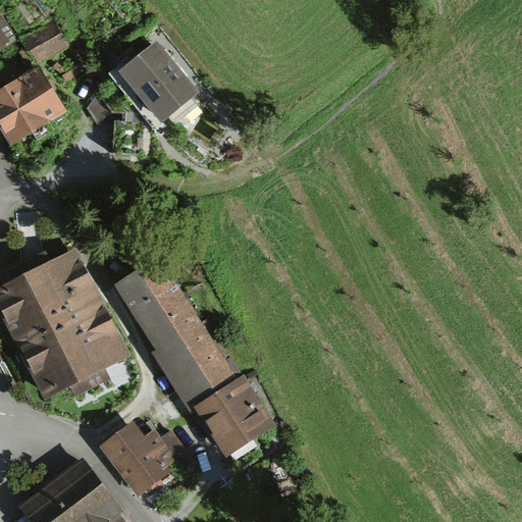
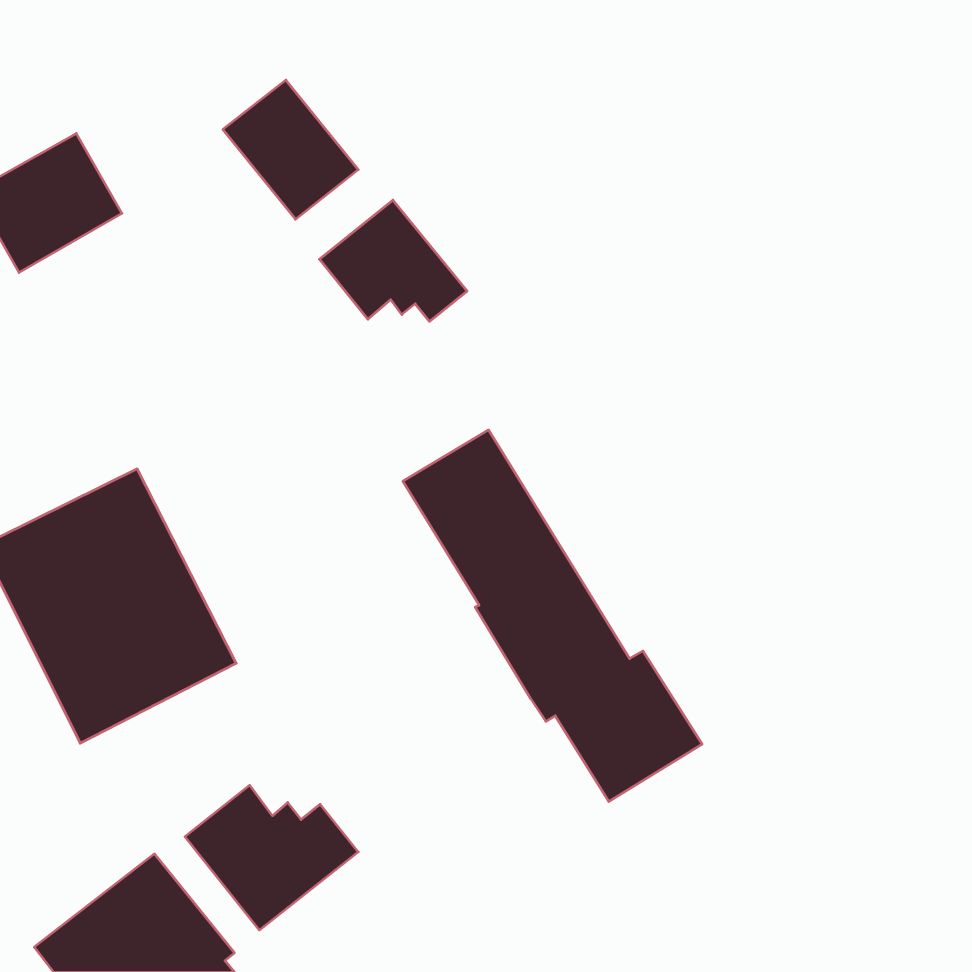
building: [29,22,70,60] -> none
building: none -> [319,200,467,321]
building: [115,257,275,456] -> [403,430,702,802]

